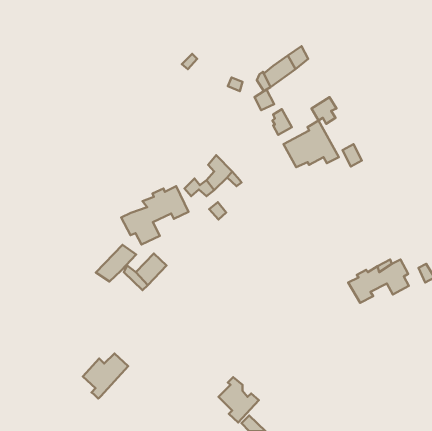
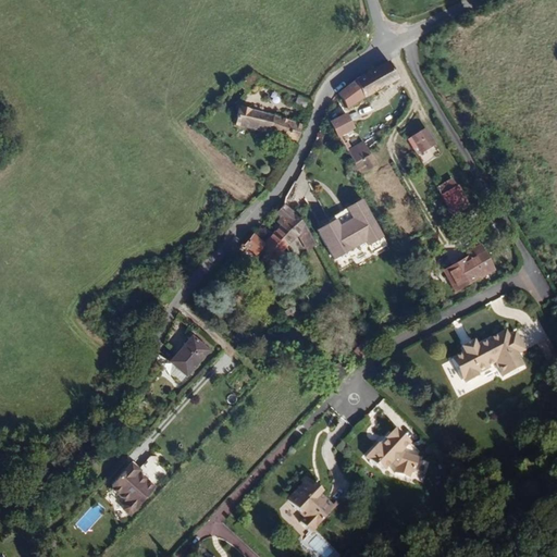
building: none -> [235,103,302,145]
building: [283,120,339,167] -> [317,199,387,259]
building: [121,186,188,245] -> none
building: none -> [444,240,495,288]
building: [96,245,136,281] -> none
building: none -> [364,430,418,479]

